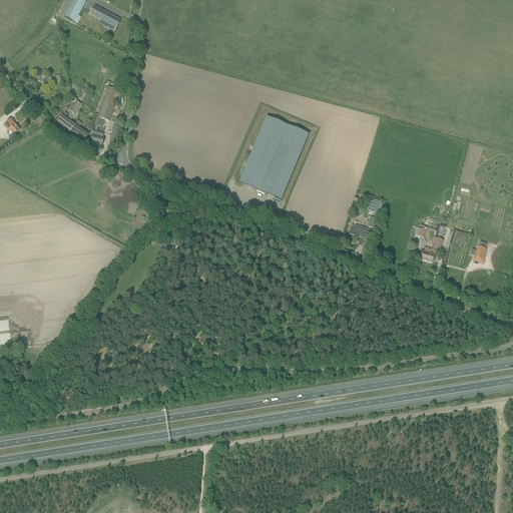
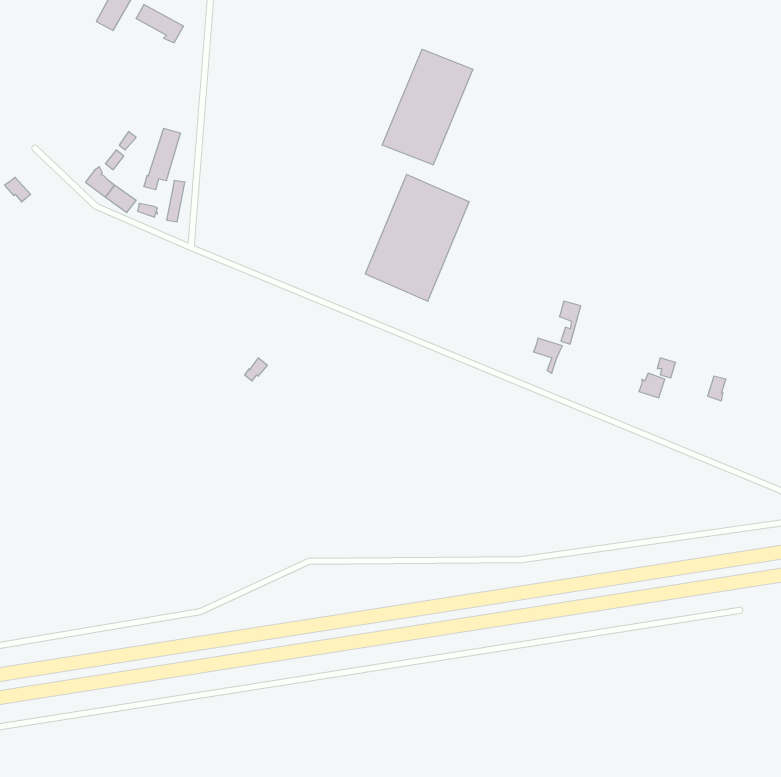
building: none -> [382,49,473,165]

